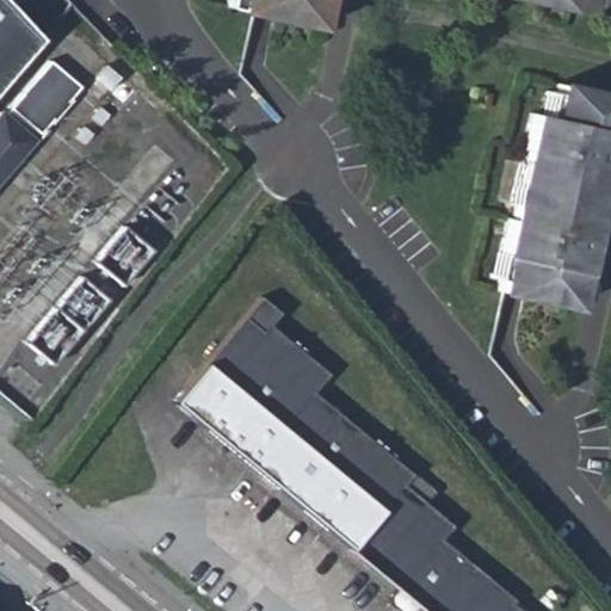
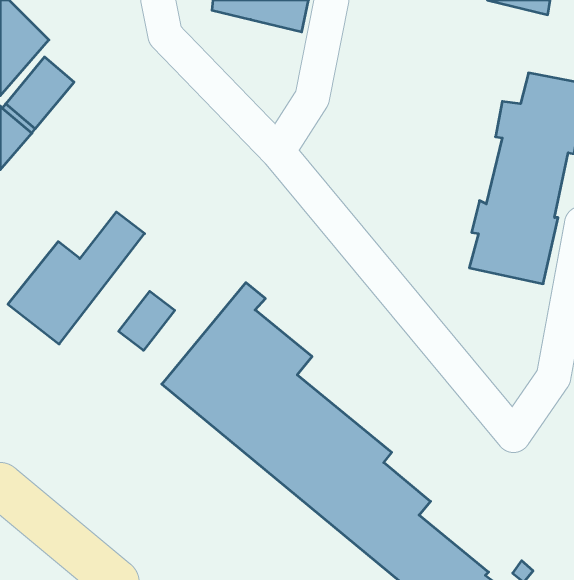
building: none -> [119,291,175,350]

